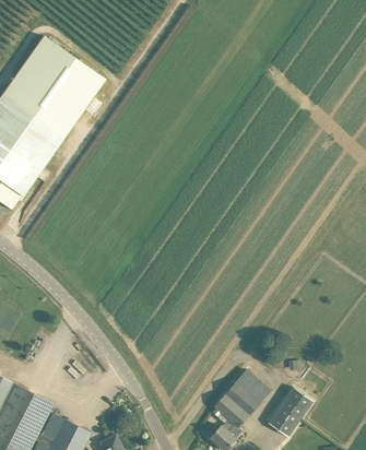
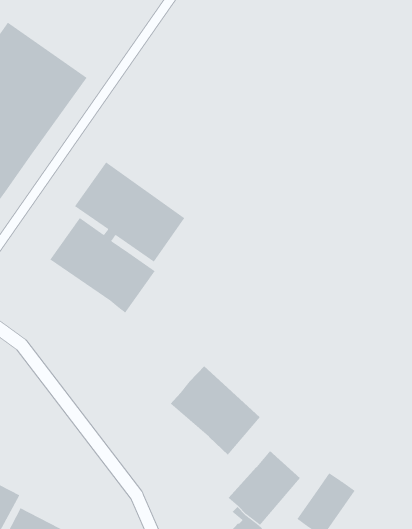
building: none -> [50,162,185,313]
building: none -> [170,366,261,455]

